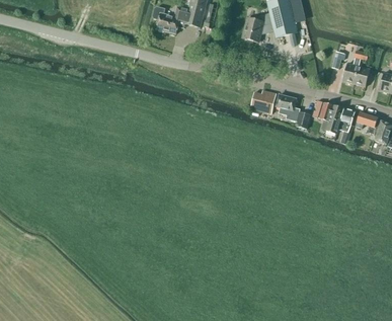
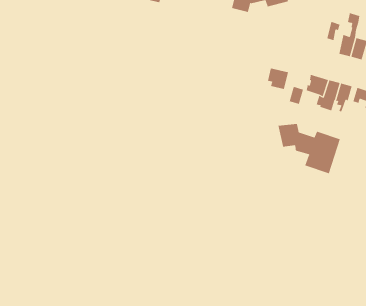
building: [251,90,278,113] -> none
building: none -> [278,123,340,174]

